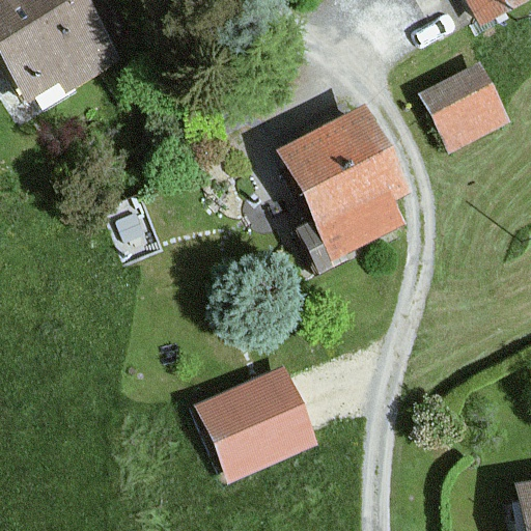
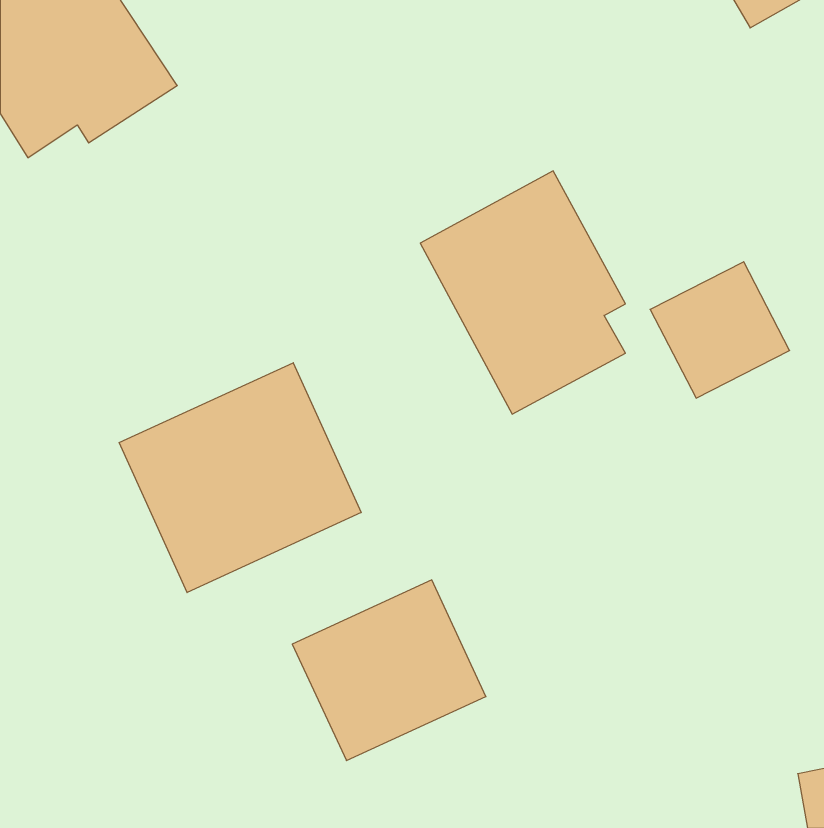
building: [425,59,513,145] -> [650,262,790,398]
building: none -> [119,363,361,593]

